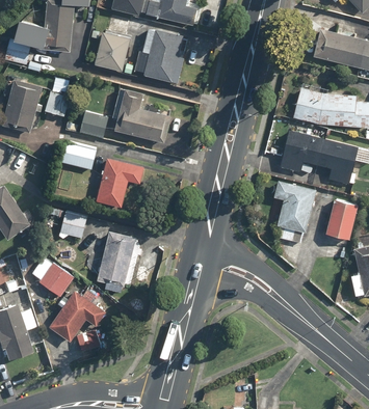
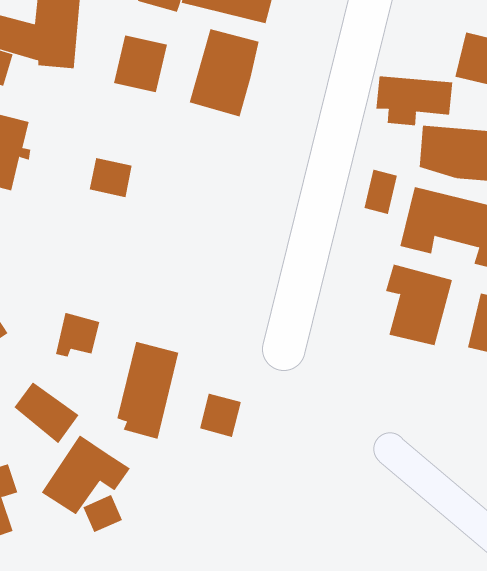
building: none -> [376,75,453,126]
building: [45,85,71,117] -> none
building: [110,88,170,142] -> none
building: none -> [364,169,398,215]
building: [61,142,97,171] -> none
building: [96,158,144,208] -> none
building: none -> [199,393,241,438]

